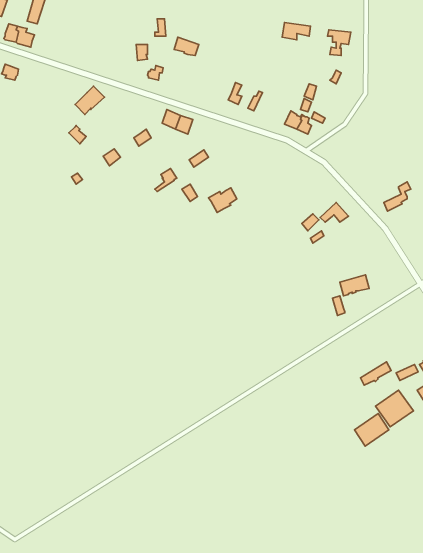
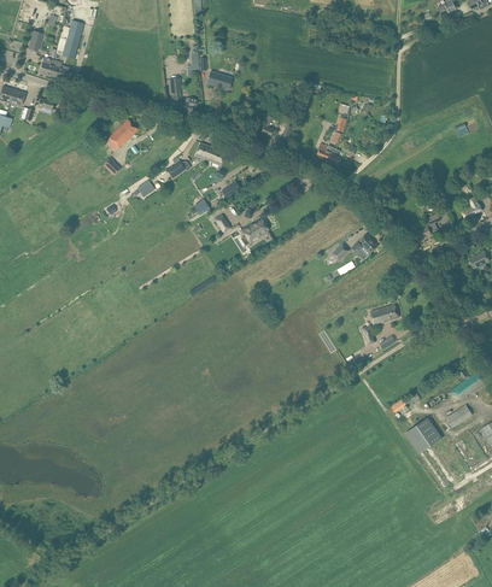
building: [355,414,389,446] -> none

